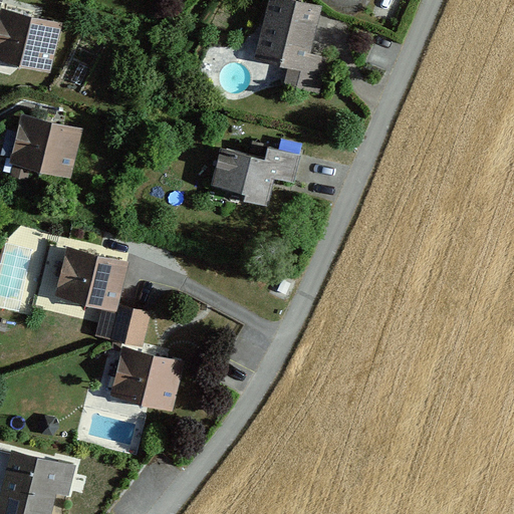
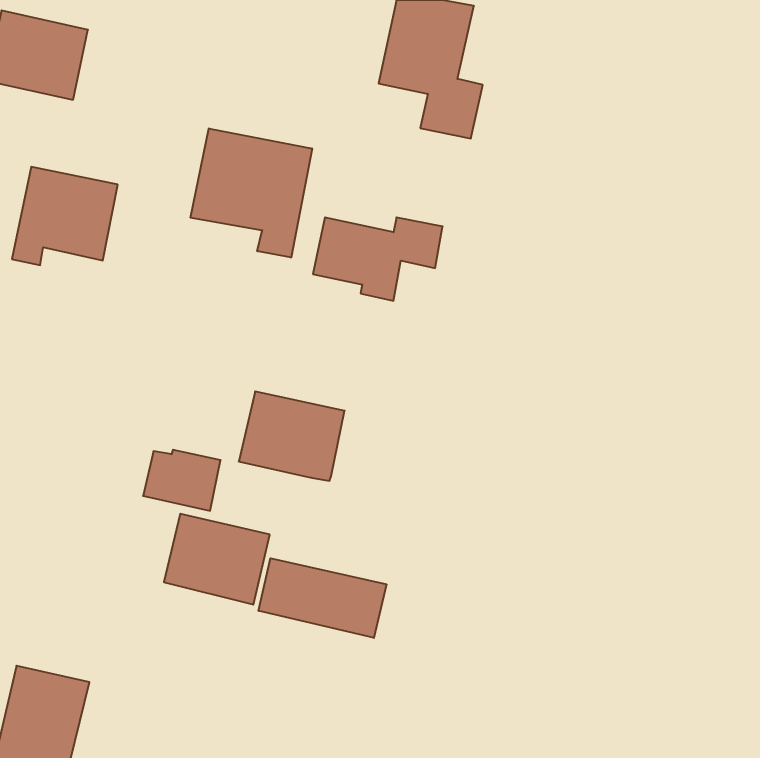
building: none -> [191,128,312,258]
building: [54,248,125,308] -> [239,391,345,481]
building: none -> [259,558,386,638]

